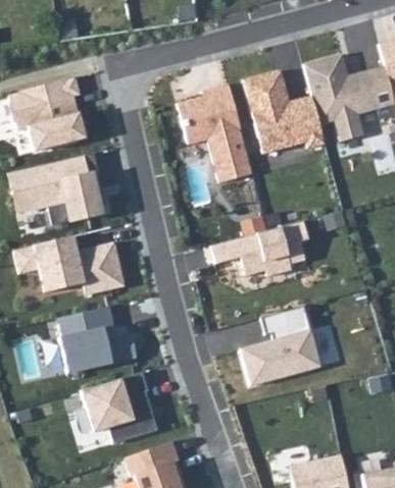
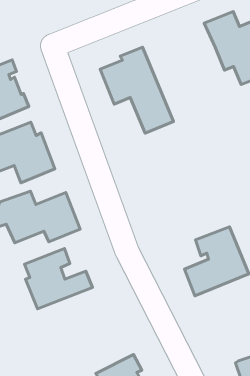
building: [244,71,327,154] -> none
building: [209,221,305,277] -> none
building: [79,371,155,443] -> none

